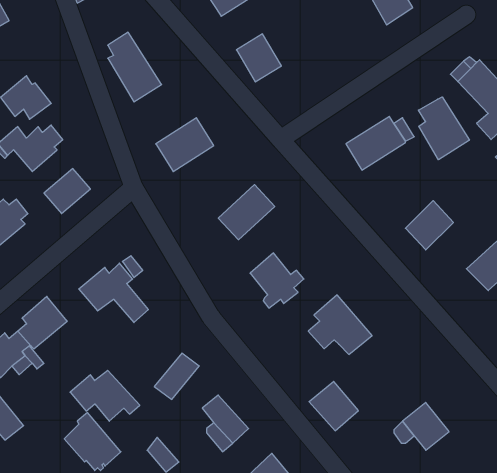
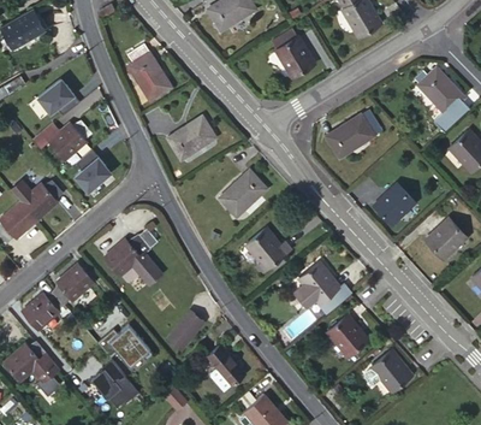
building: [236,34,281,82] -> [277,37,314,77]
building: [418,97,469,160] -> none
building: [309,381,358,431] -> [326,314,367,355]

